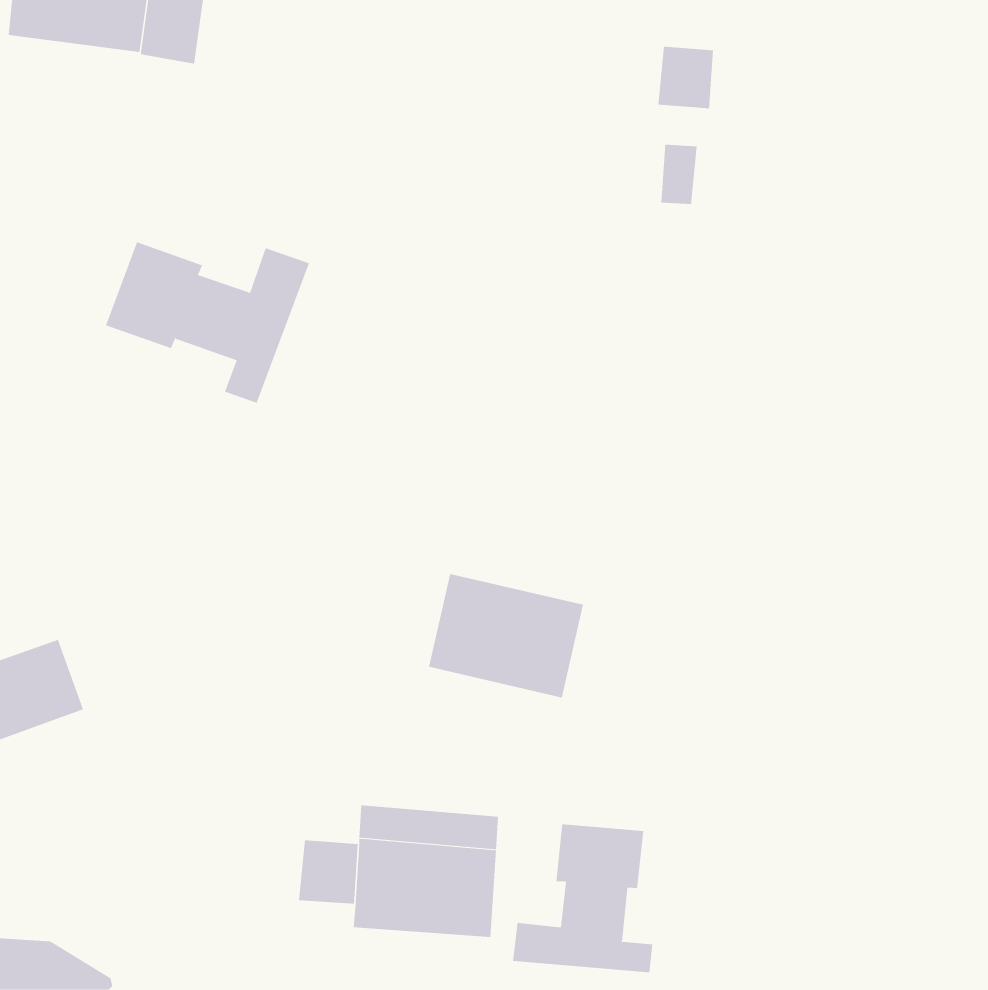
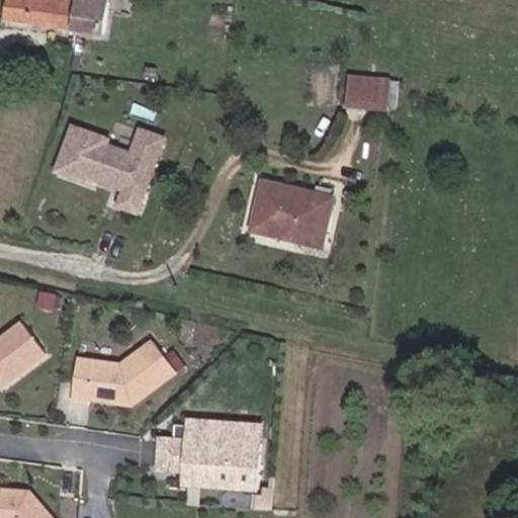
building: [657,46,714,109] -> [359,76,388,108]
building: [428,573,584,698] -> [249,180,330,245]
building: none -> [70,351,174,403]
building: [513,823,653,973] -> none

